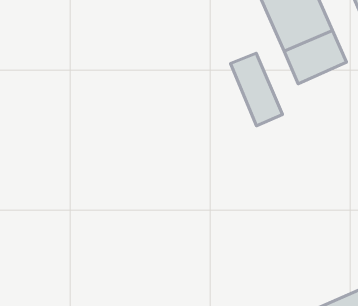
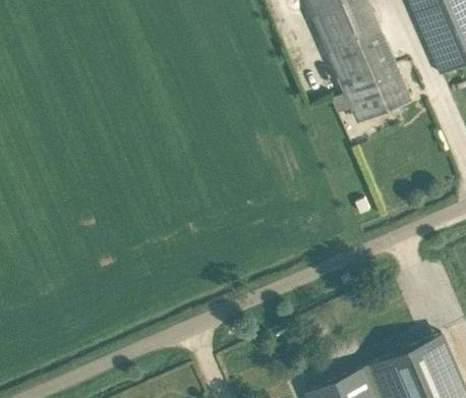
building: [230,53,283,126] -> none

